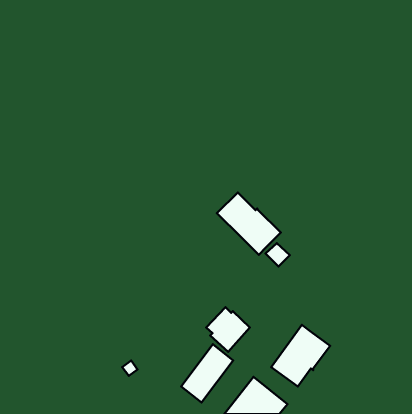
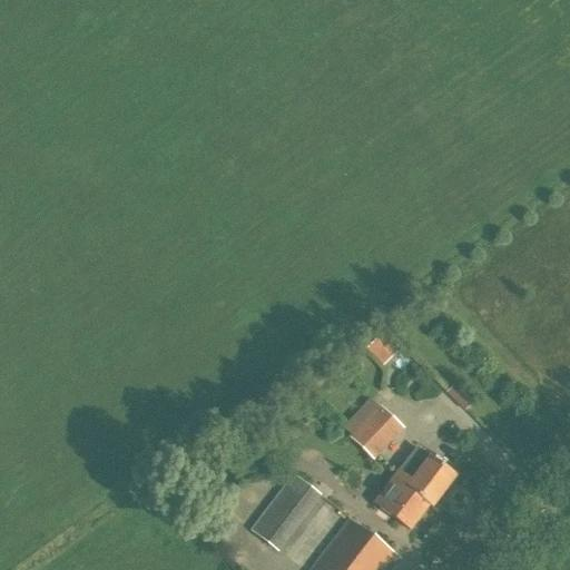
building: [217,192,281,255] -> none
building: [206,307,250,352] -> [345,400,405,461]

